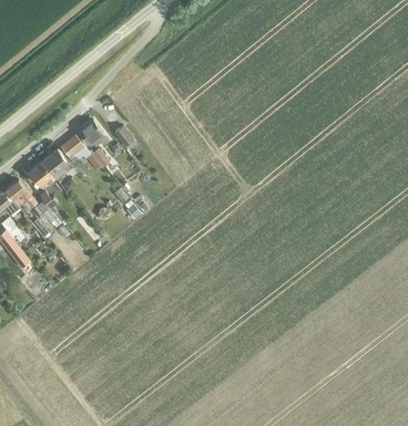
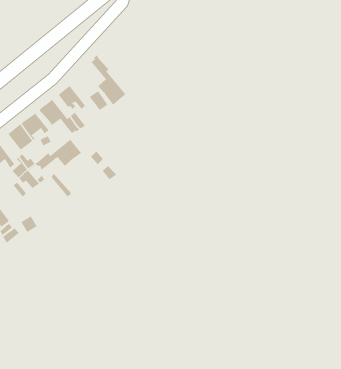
building: none -> [90,54,126,106]
building: none -> [35,139,82,170]

